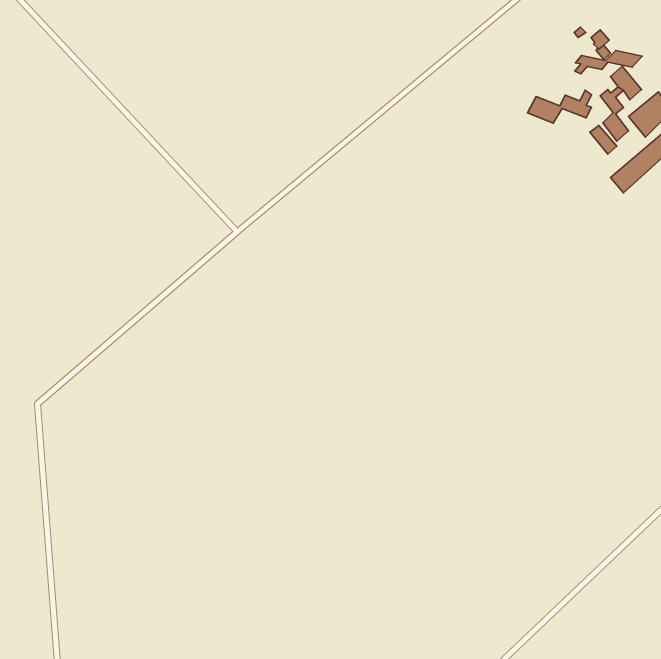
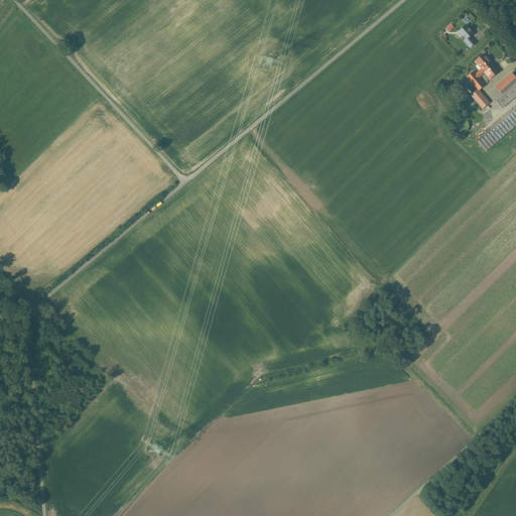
building: [575,50,642,74] -> none
building: [527,90,591,123] -> none

